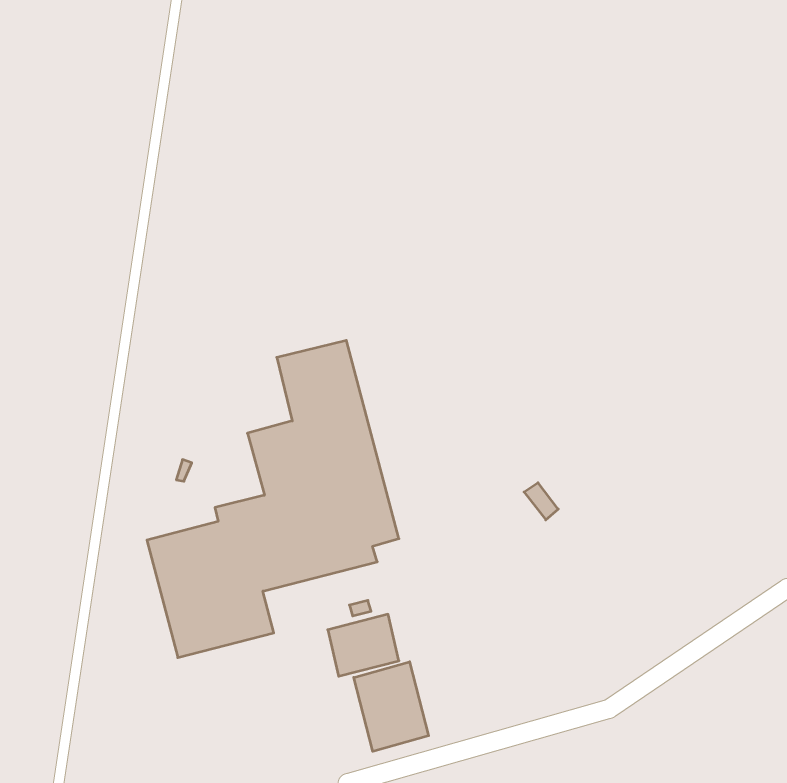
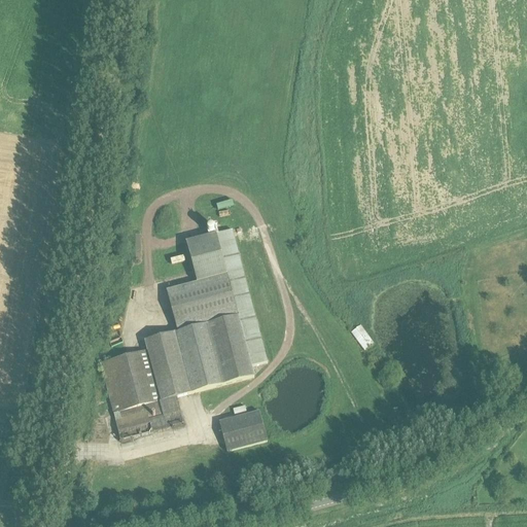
building: [354,662,429,751] -> none

